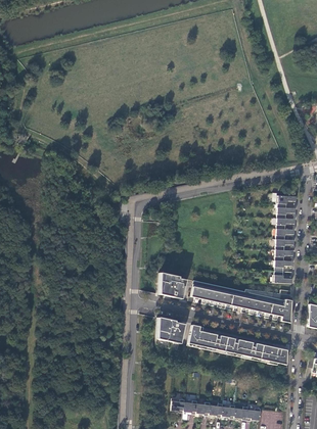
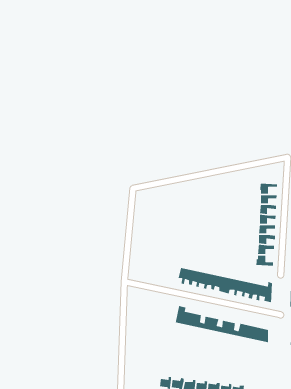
building: [160,272,185,295] -> none
building: [158,317,184,342] -> none

